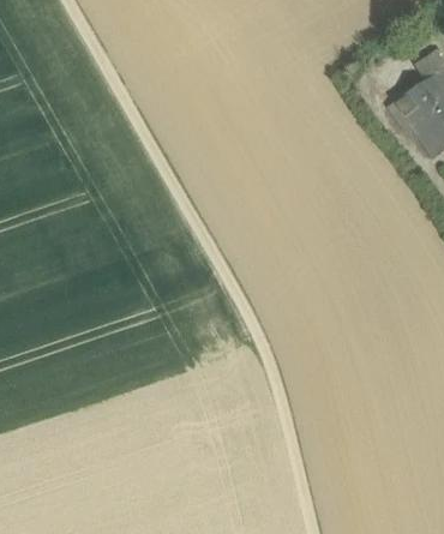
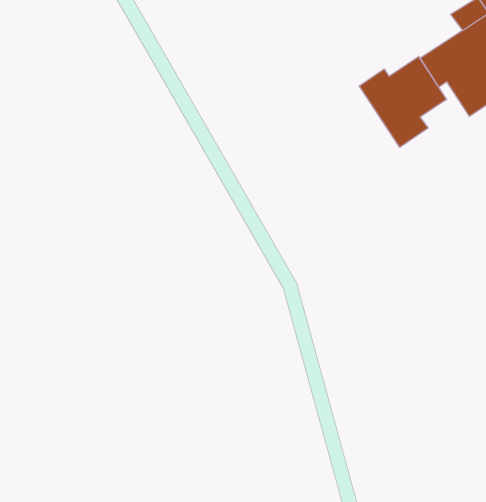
building: none -> [359,56,447,147]

